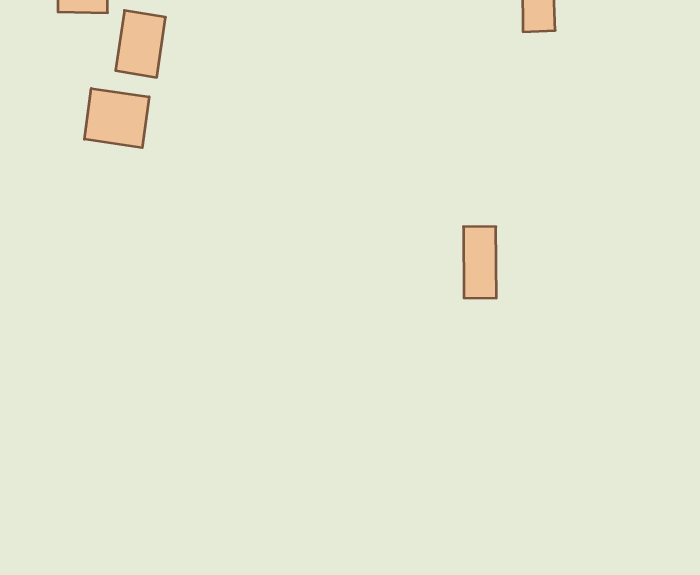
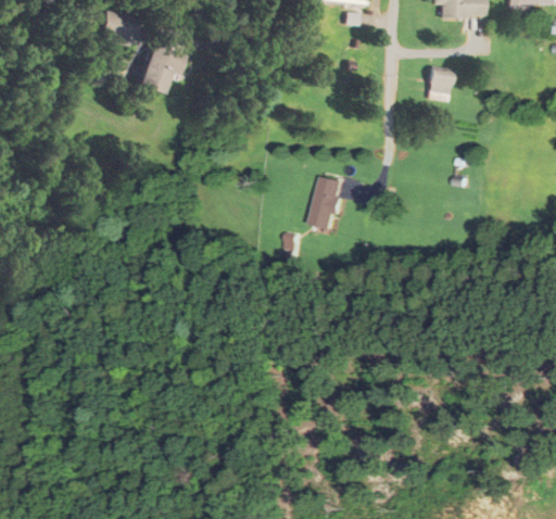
building: [84,88,149,148] -> none
building: [463,227,496,298] -> [314,176,343,229]

